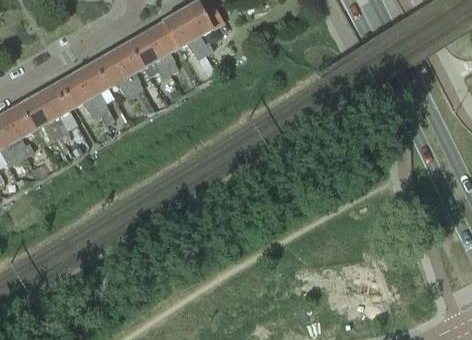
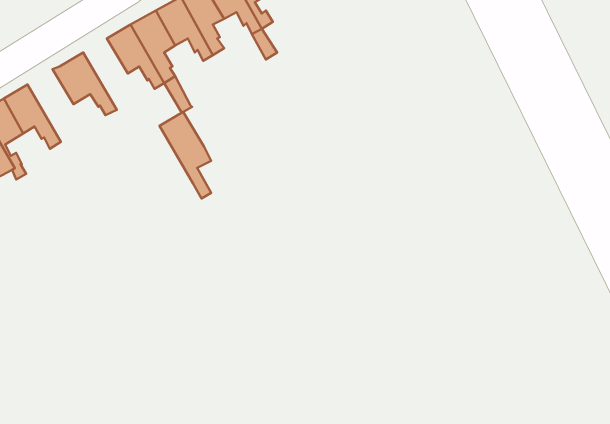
building: [75,62,112,124] -> [160,112,211,198]
building: [35,84,68,136] -> none

